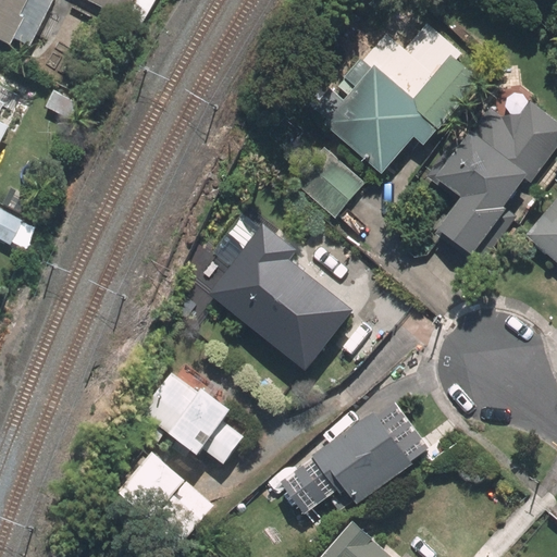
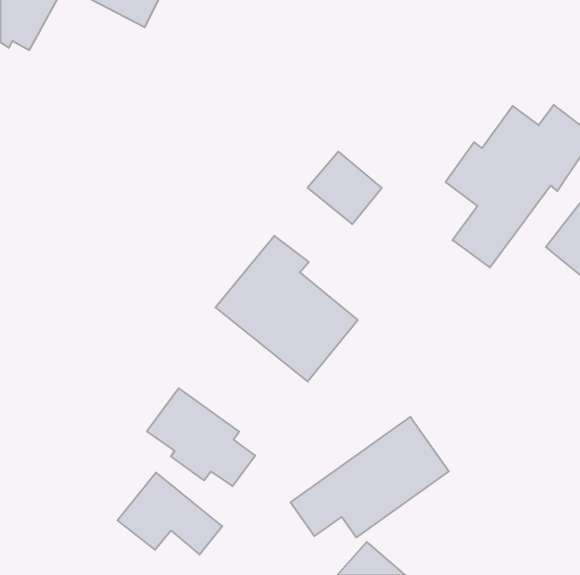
building: [313,52,481,175] -> none

